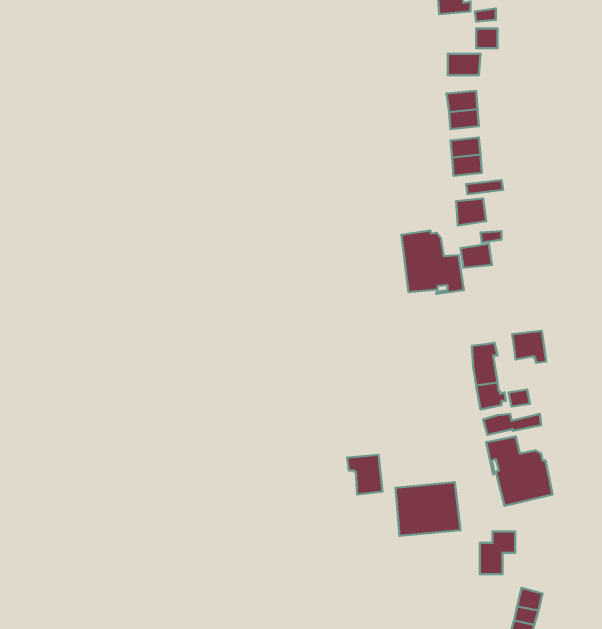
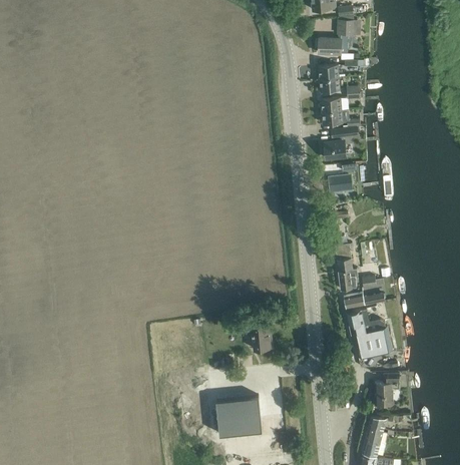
building: [402,231,464,294] -> none
building: [512,331,546,363] -> none
building: [395,482,461,536] -> [216,398,263,436]
building: [480,532,515,574] -> [375,376,400,406]

